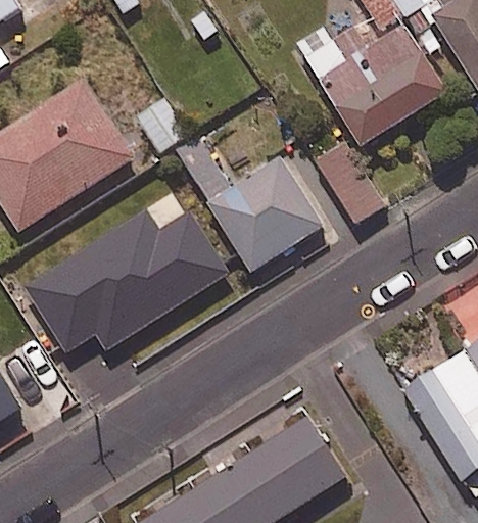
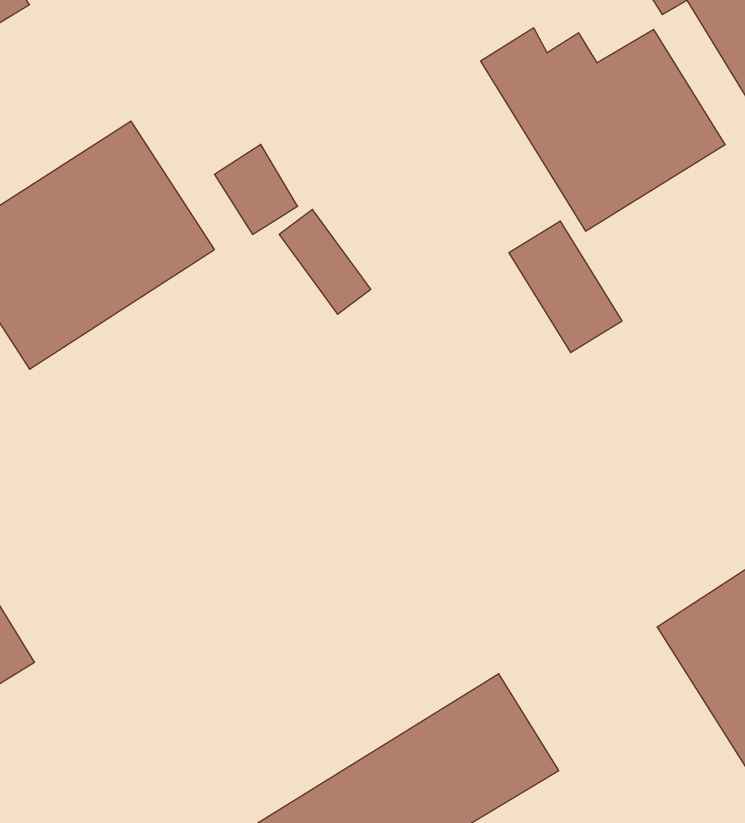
building: [207,158,323,273] -> none
building: [23,209,227,349] -> none

